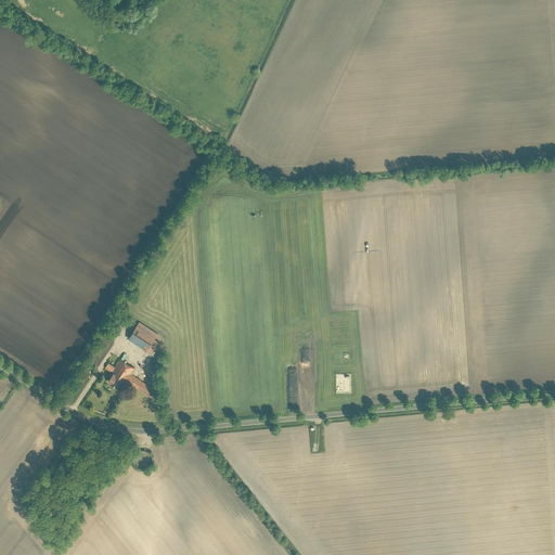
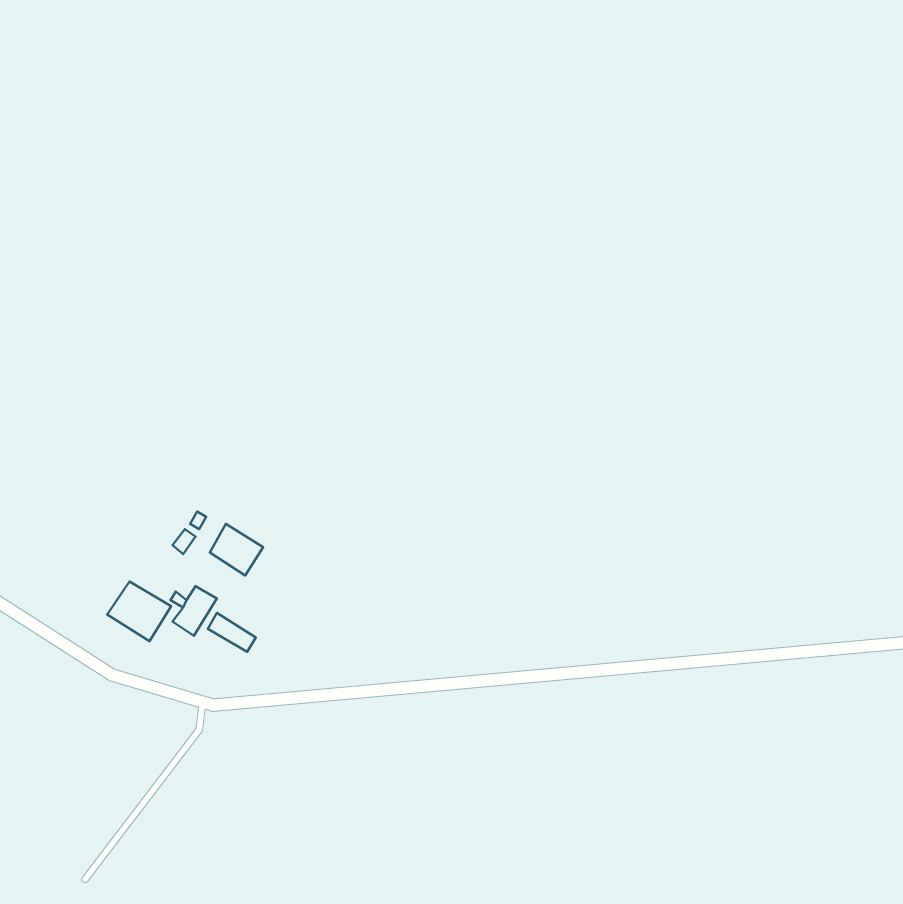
building: none -> [107,582,171,641]

